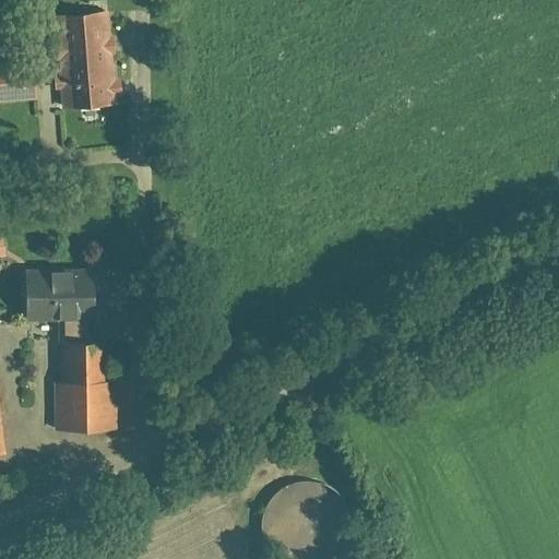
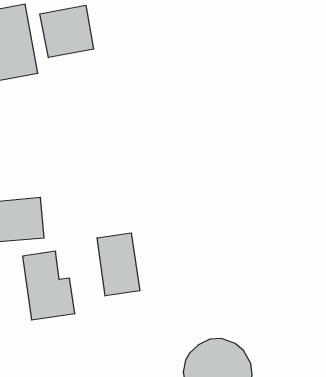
building: none -> [40,5,94,58]
building: none -> [97,233,140,296]

